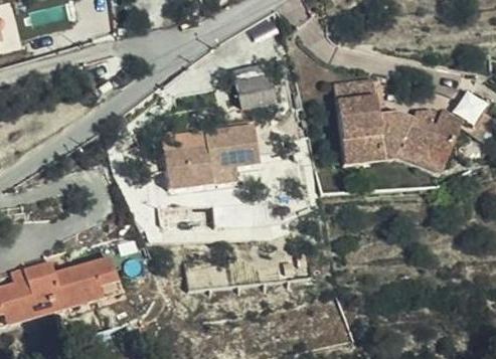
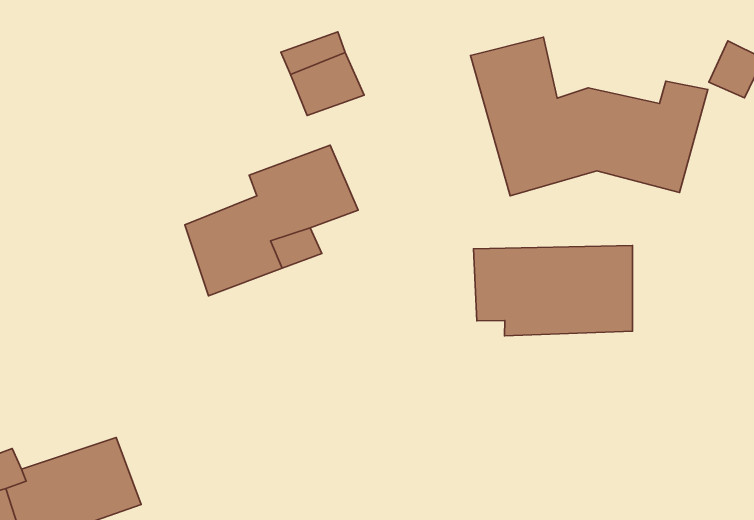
building: none -> [473,246,633,336]

